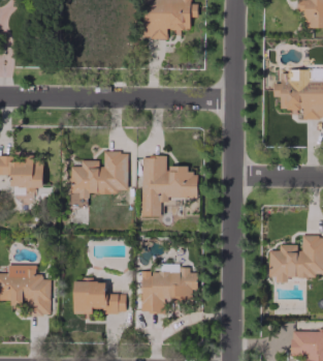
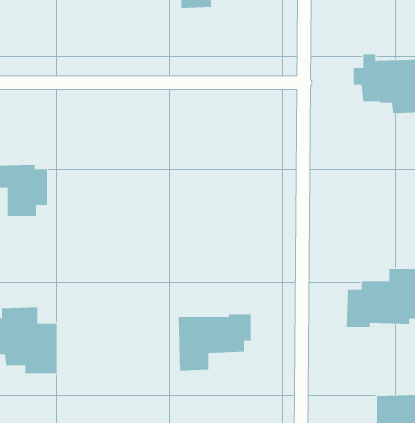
building: [70,151,128,205] -> none
building: [142,156,198,216] -> none
building: [73,280,126,313] -> none

